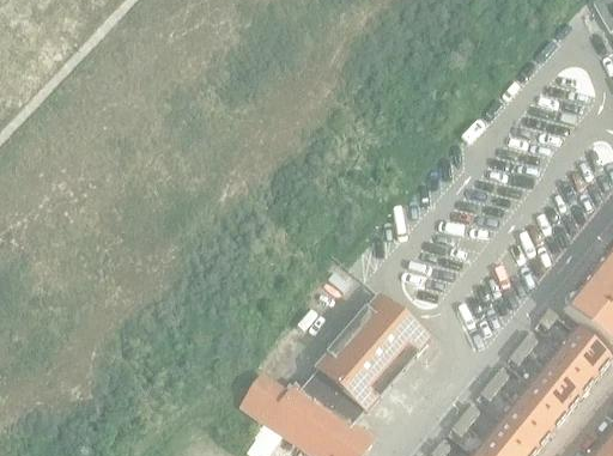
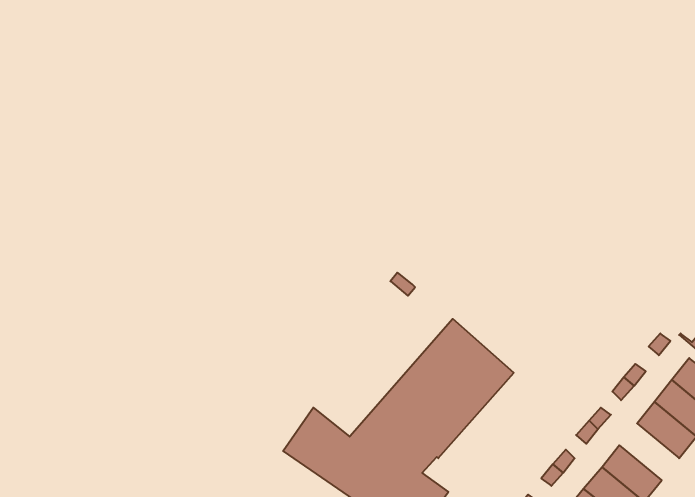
building: [515,382,564,428] -> none

